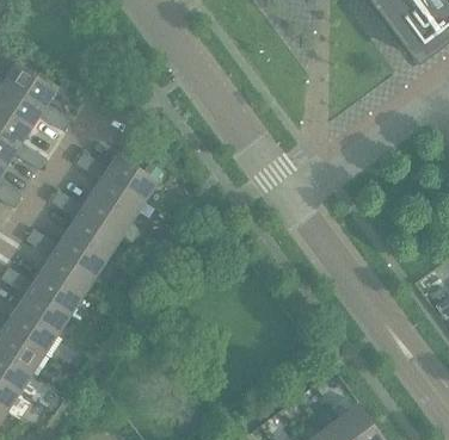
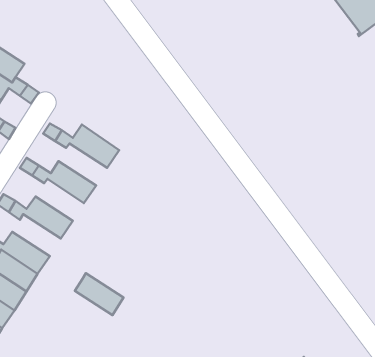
building: [92,174,144,219] -> none
building: [67,212,119,258] -> none
building: [42,250,94,296] -> [75,273,123,315]

